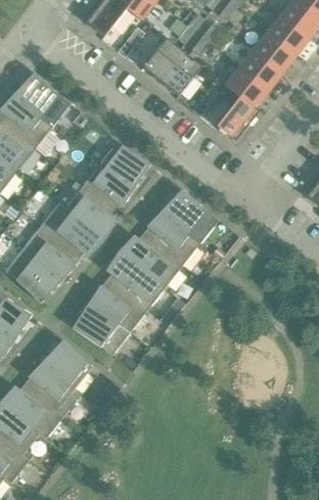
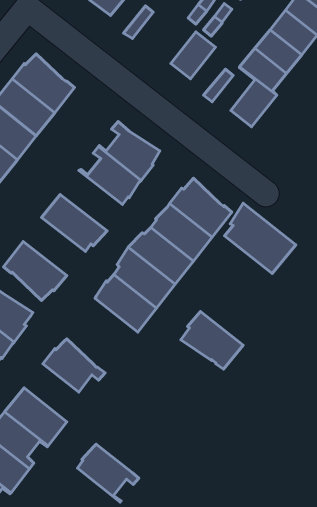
building: [142,36,184,80] -> none
building: [57,180,116,236] -> none
building: none -> [224,203,296,274]
building: [22,224,81,278] -> none
building: [72,300,130,354] -> [181,311,243,369]
building: [24,361,81,415] -> [77,444,139,502]

